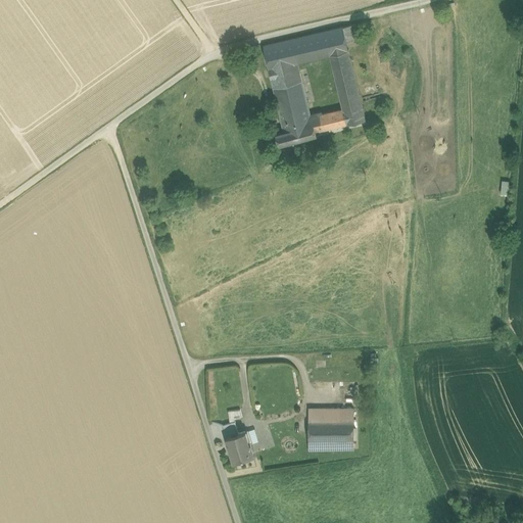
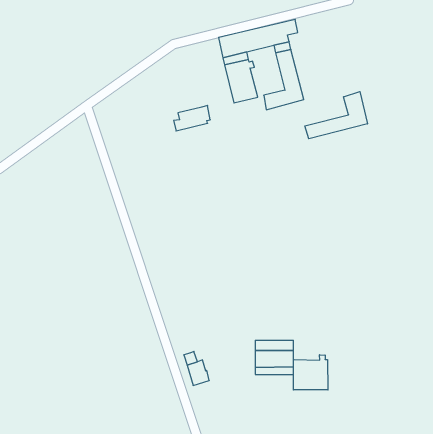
building: none -> [305,92,367,139]
building: [276,115,320,146] -> [174,105,210,131]
building: none -> [293,355,328,390]

